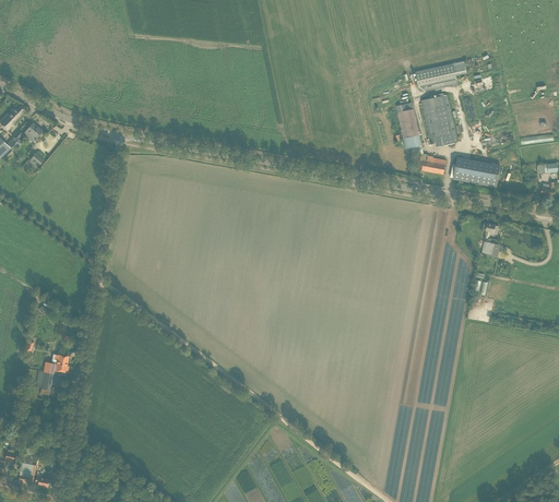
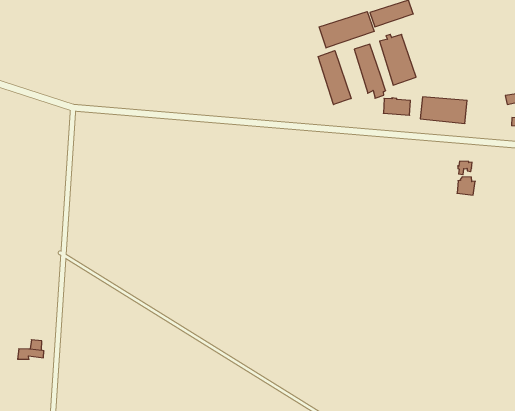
building: none -> [319,12,374,48]
building: none -> [318,51,351,105]

